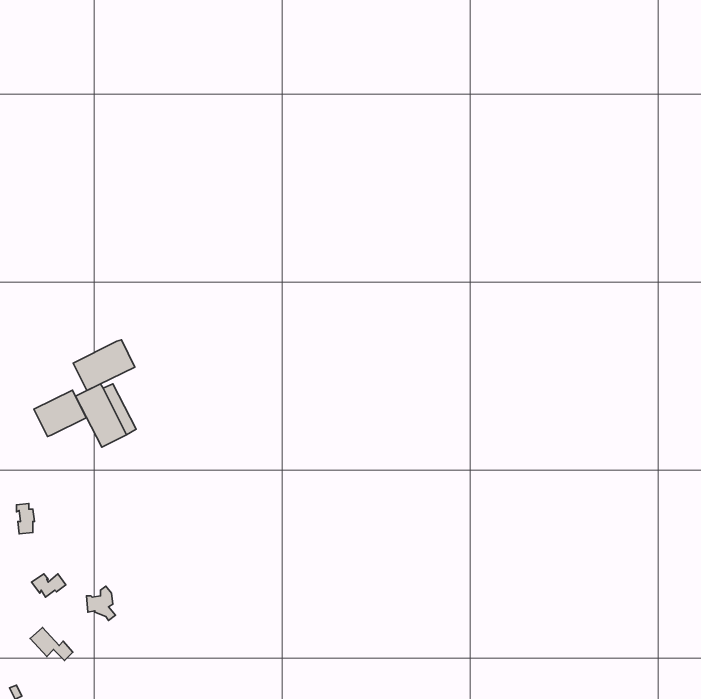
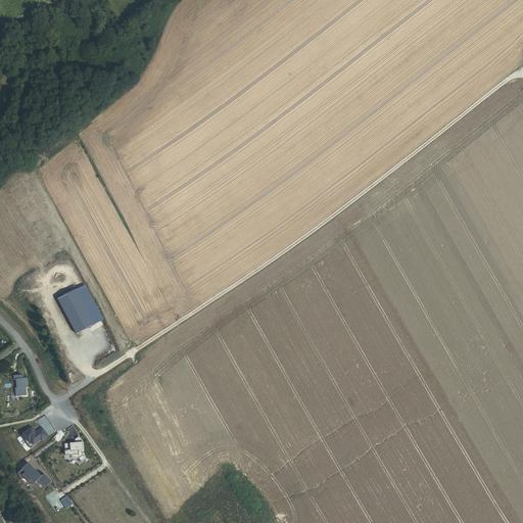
building: [73,340,135,390] -> none
building: [34,390,86,436] -> none

